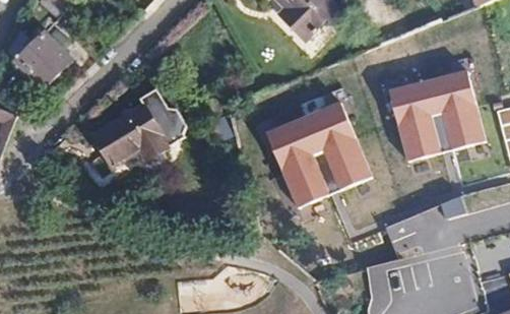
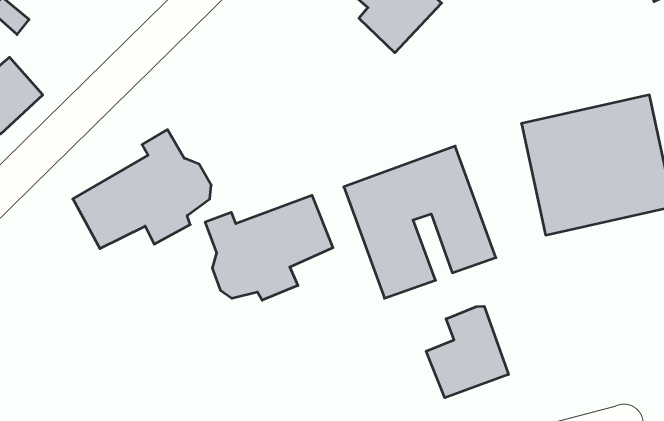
building: none -> [205,195,333,300]
building: none -> [426,306,508,398]

